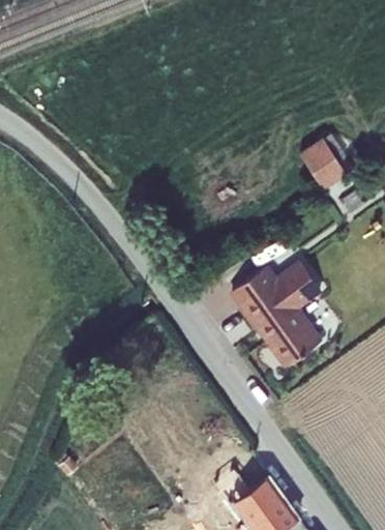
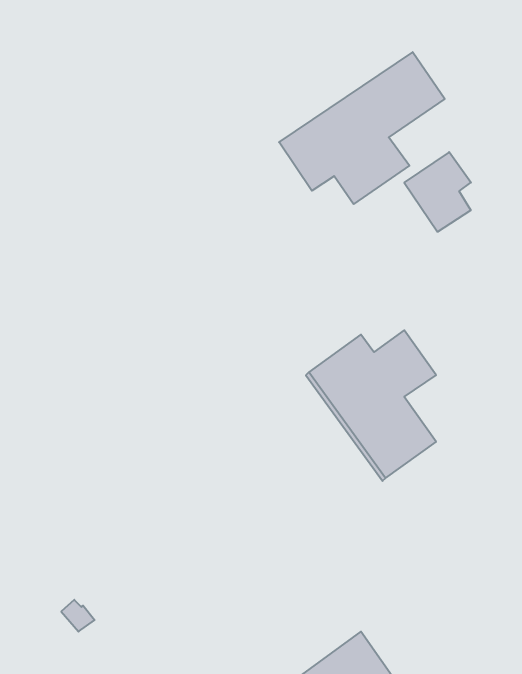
building: none -> [279,52,445,204]

